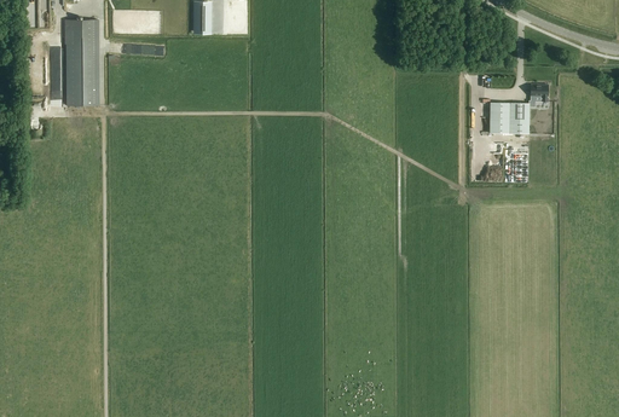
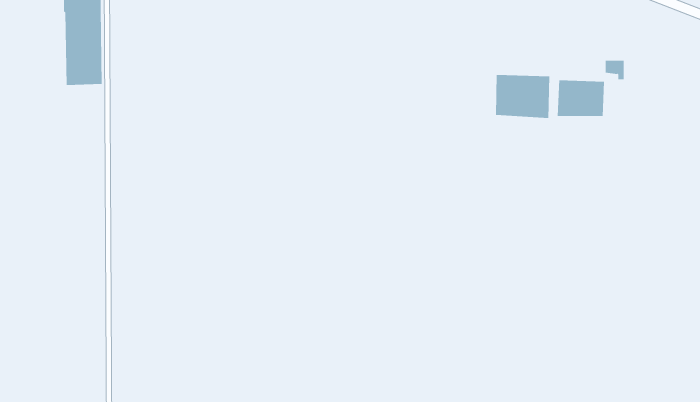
building: none -> [495,74,550,119]

